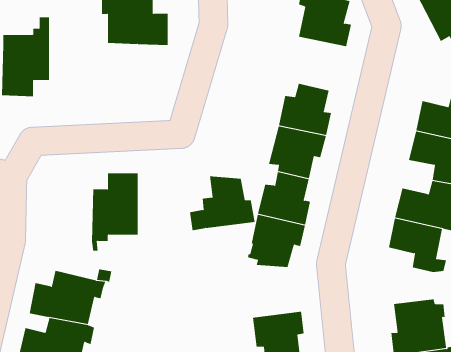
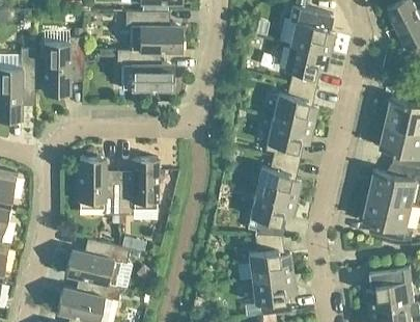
building: none -> [283,45,330,89]
building: none -> [116,50,173,90]
building: none -> [79,158,118,215]
building: [189,176,255,231] -> [237,235,292,280]

